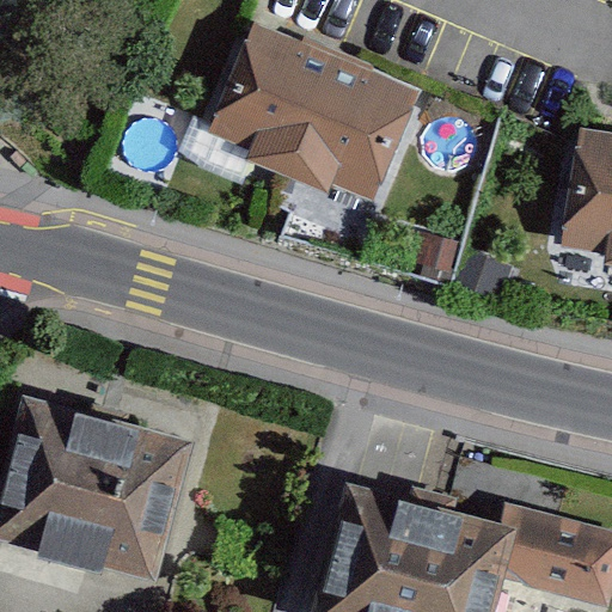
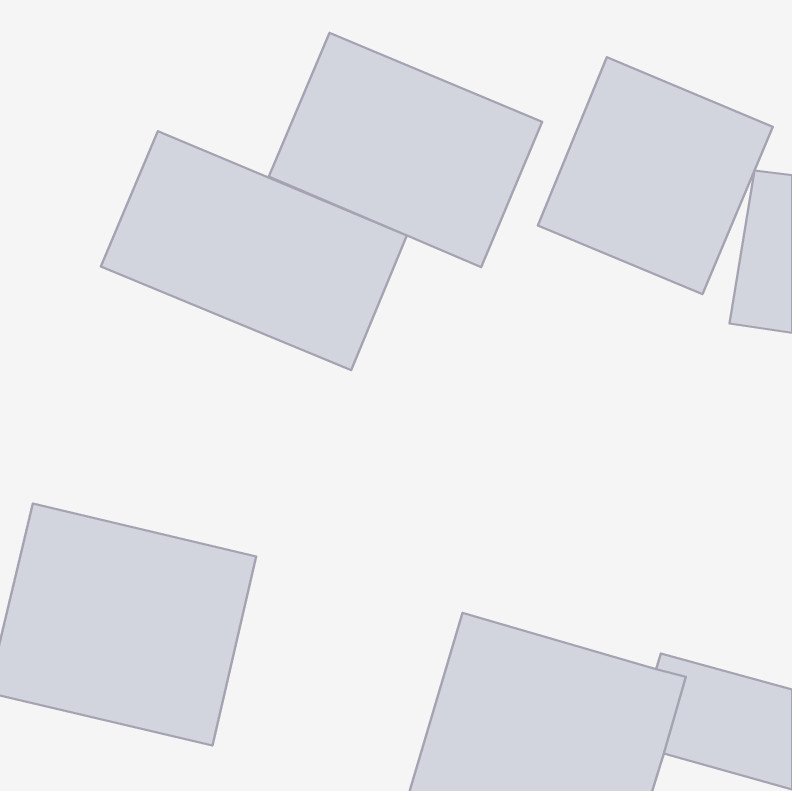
building: none -> [538,57,773,294]
building: none -> [101,131,407,370]

